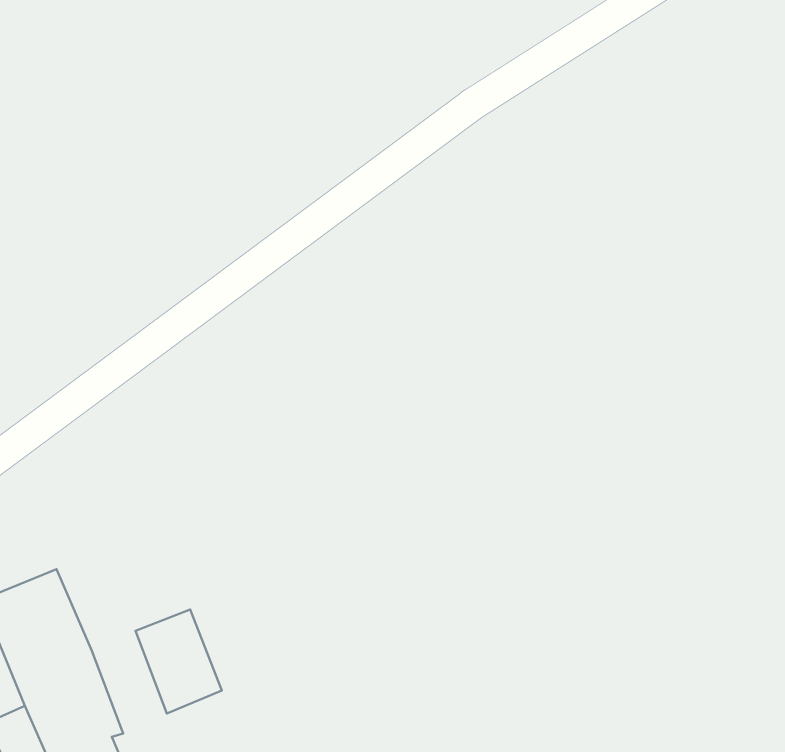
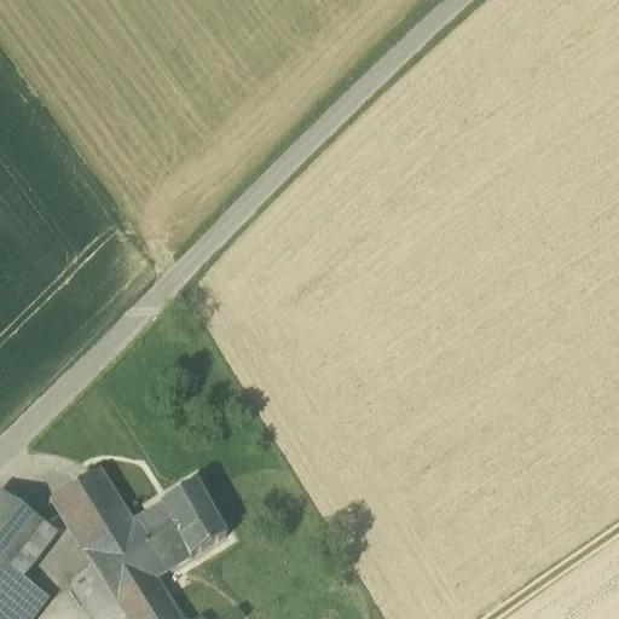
building: none -> [133,502,191,573]

